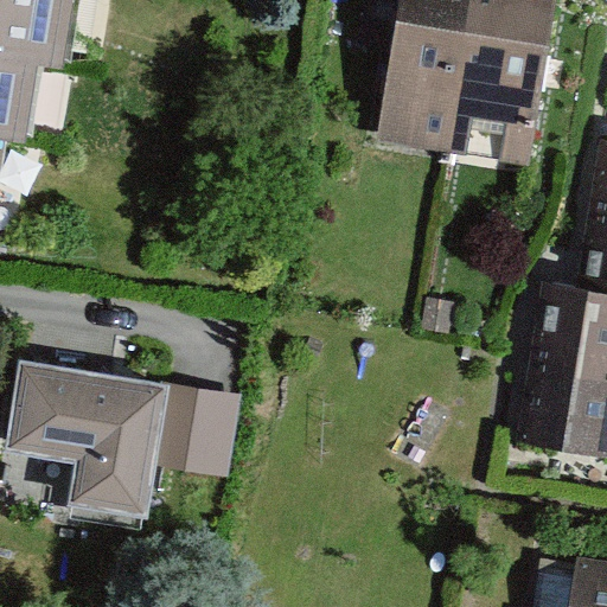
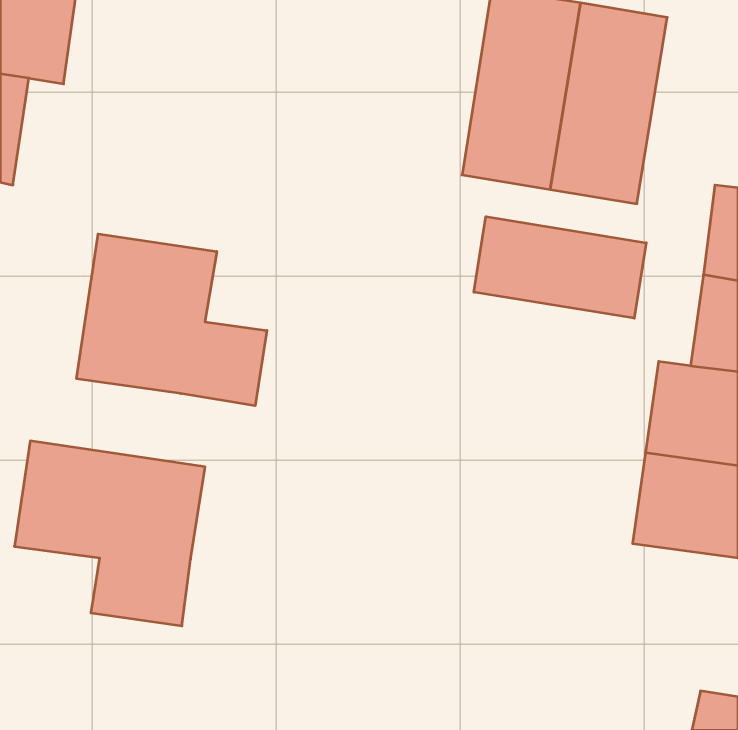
building: none -> [474,217,646,318]
building: none -> [77,234,267,406]
building: [156,383,242,469] -> none

